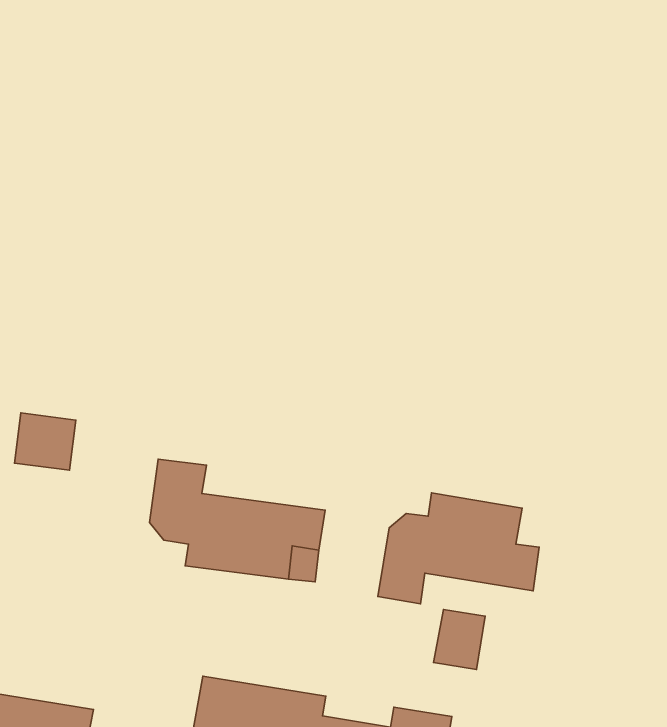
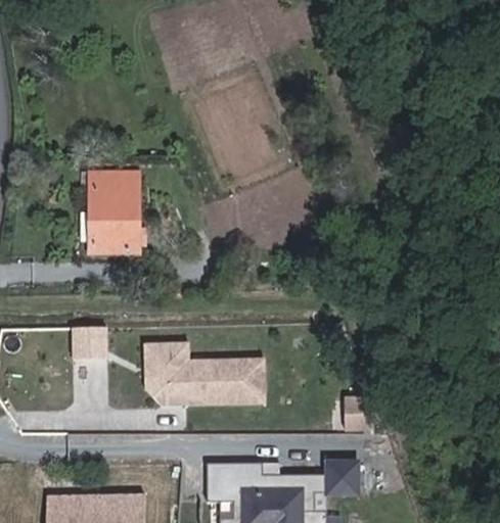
building: none -> [91,177,138,256]
building: none -> [143,340,185,401]
building: [378,493,539,604] -> none

